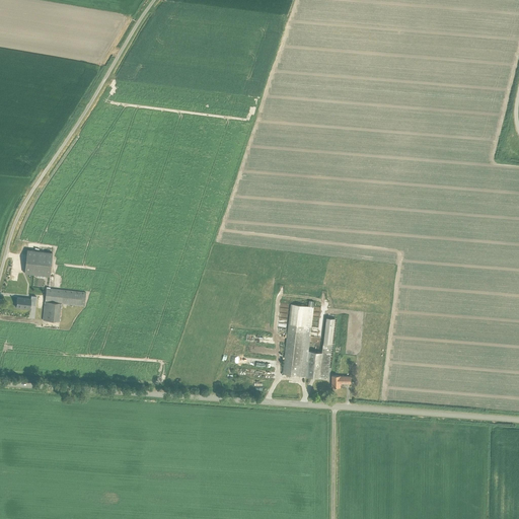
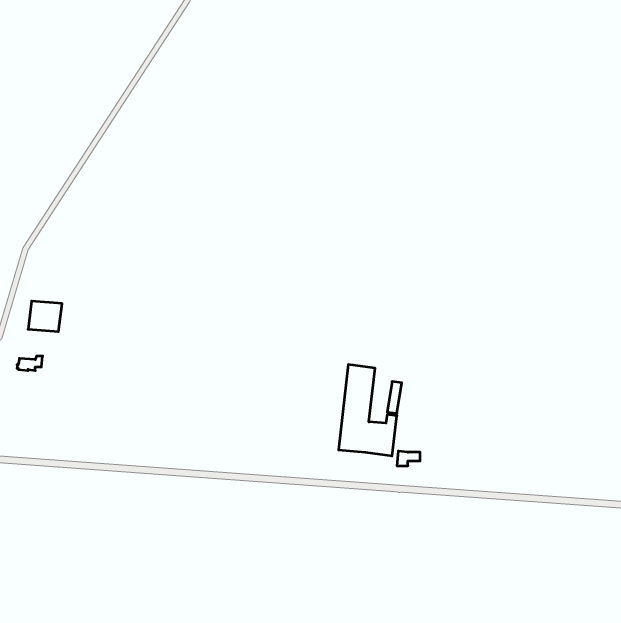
building: [42,288,85,321] -> none

